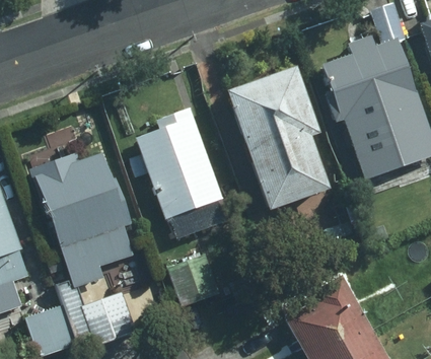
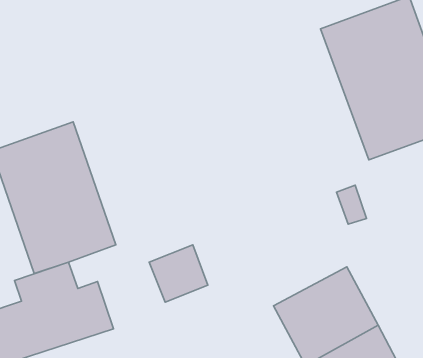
building: [222,69,334,212] -> none
building: [132,107,223,220] -> none

